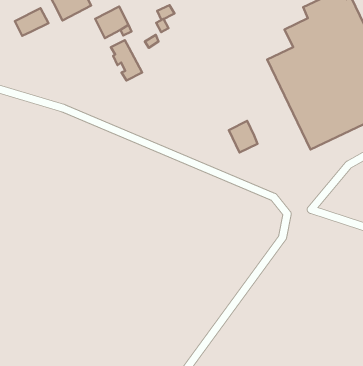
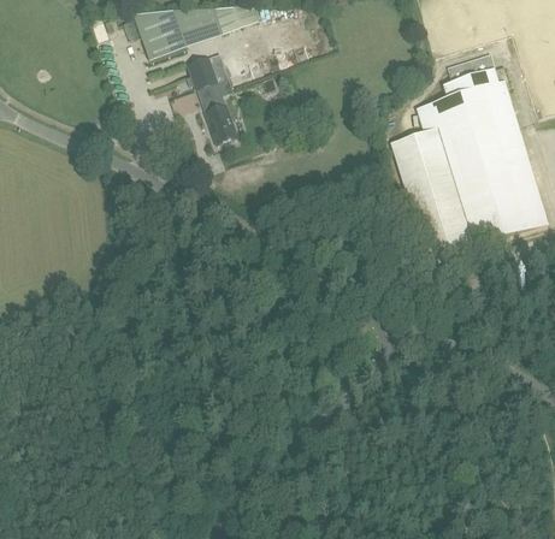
building: [15,8,49,36] -> none
building: [229,121,257,153] -> none

